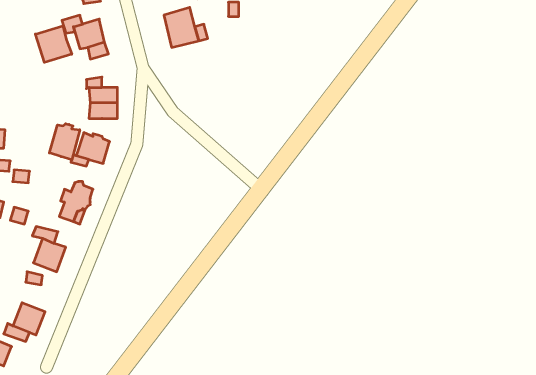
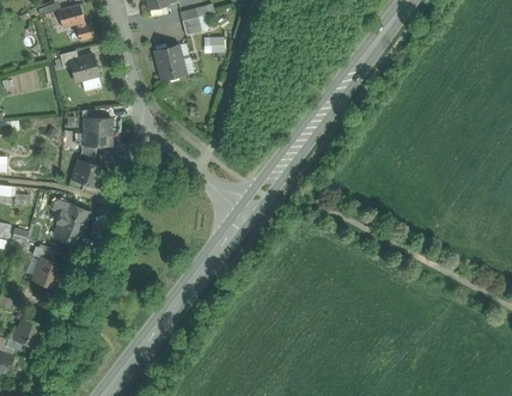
building: [35,26,72,62] -> none
building: [49,124,80,160] -> none

